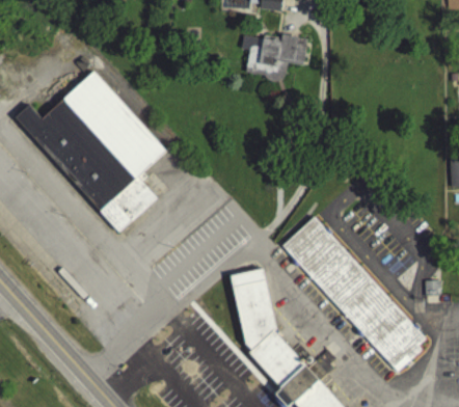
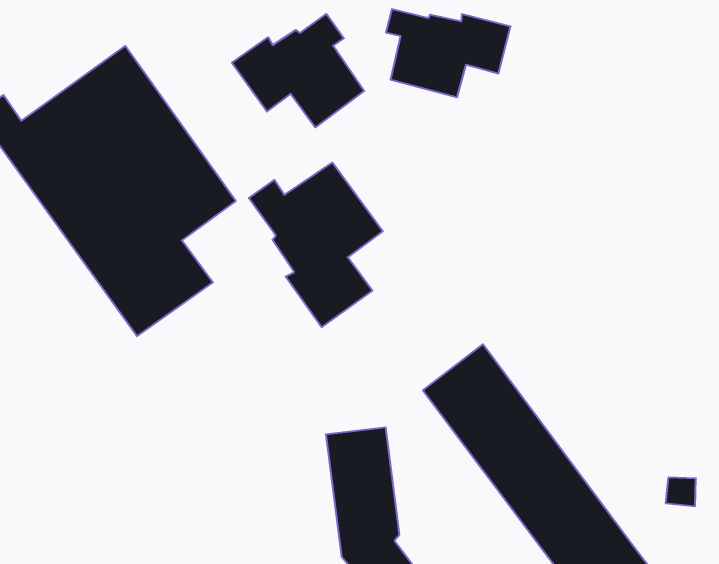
building: none -> [232,14,364,127]
building: none -> [249,163,383,327]

